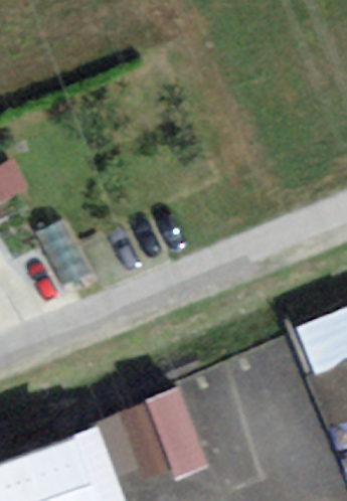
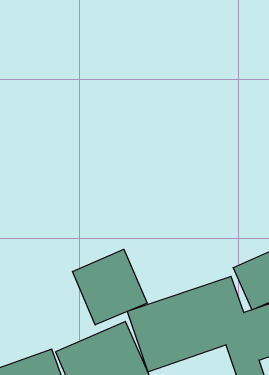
building: none -> [73,249,147,325]

